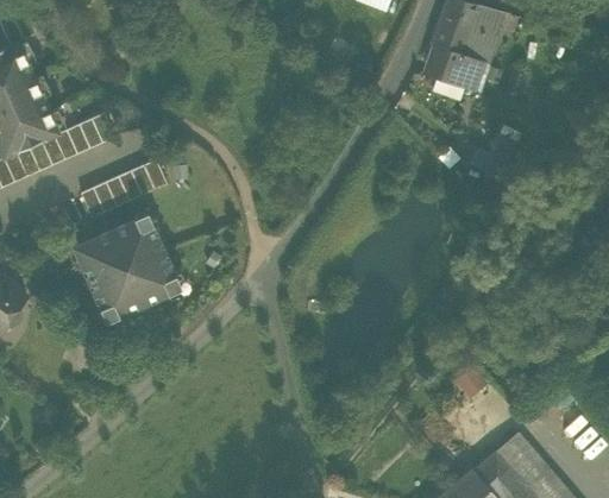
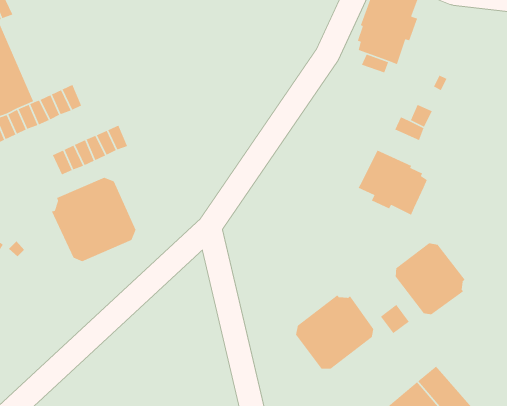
building: none -> [358,150,428,216]
building: none -> [395,243,465,315]
building: none -> [295,295,374,370]

